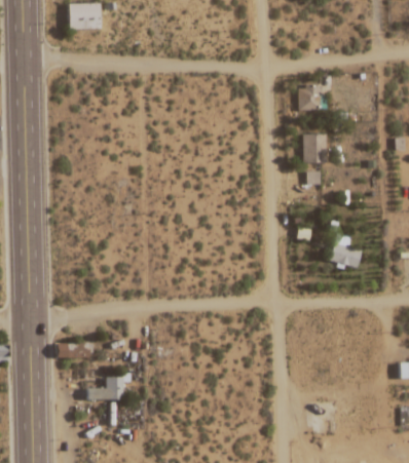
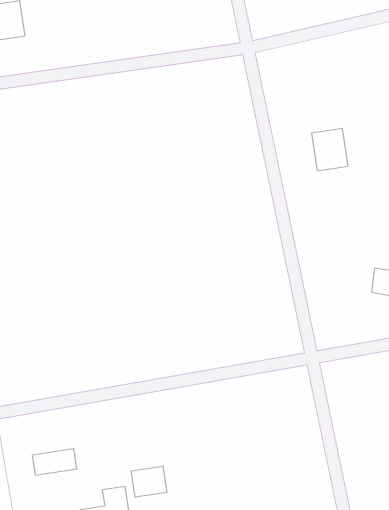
building: [299,84,322,110] -> none
building: none -> [131,466,167,497]

